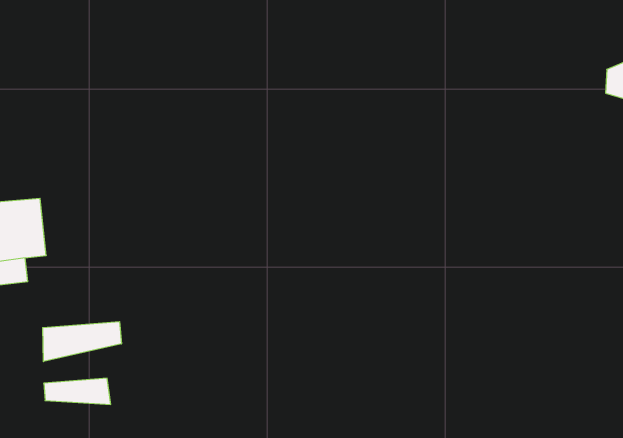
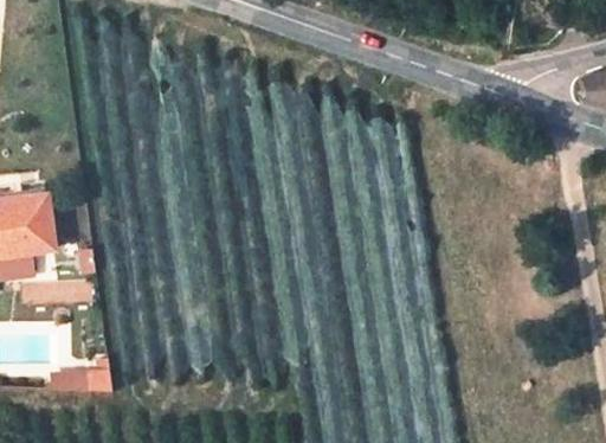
building: [43,322,121,362] -> none

